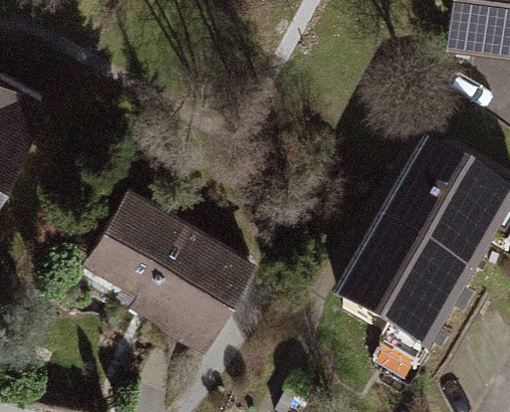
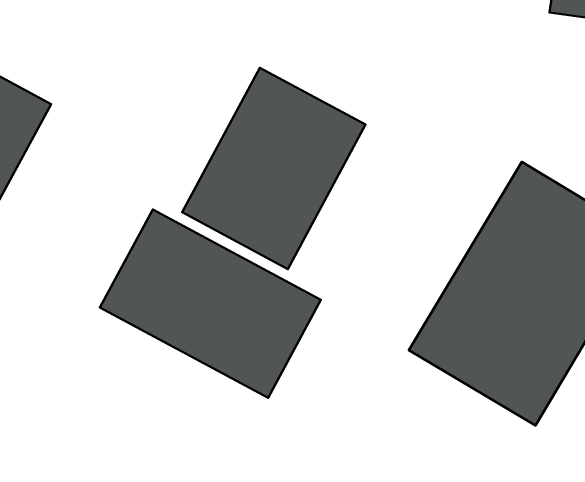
building: none -> [182,68,366,269]

